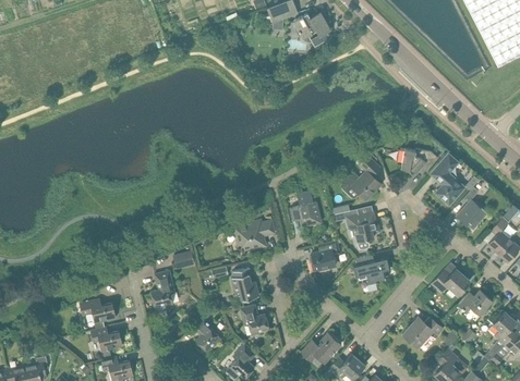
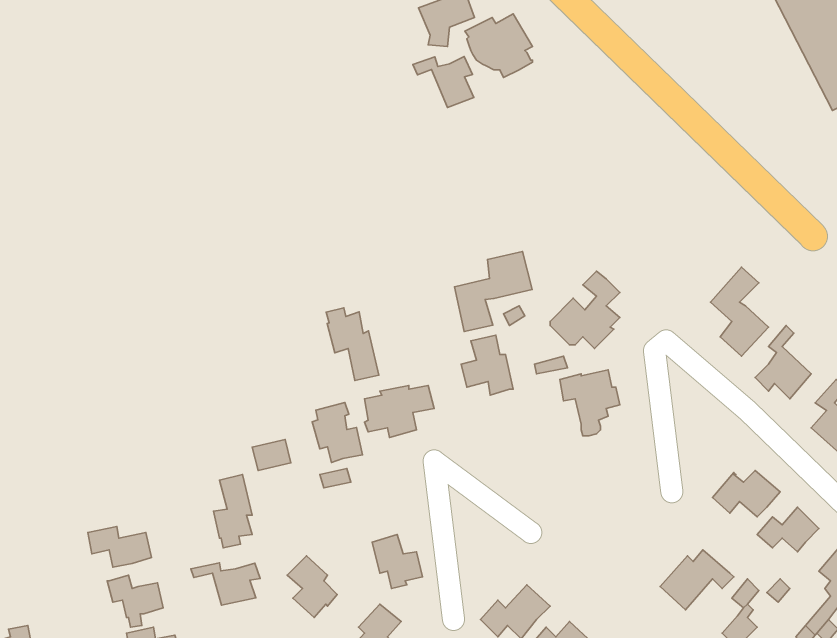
building: none -> [413,57,474,107]
building: none -> [455,252,532,331]
building: [401,148,437,173] -> none
building: none -> [326,308,379,380]
building: [310,241,338,271] -> none
building: [354,254,389,282] -> none
building: [230,267,258,300] -> [312,402,362,462]
building: none -> [191,563,260,605]

